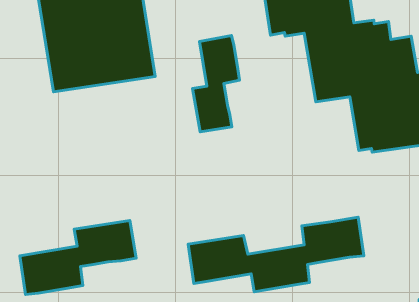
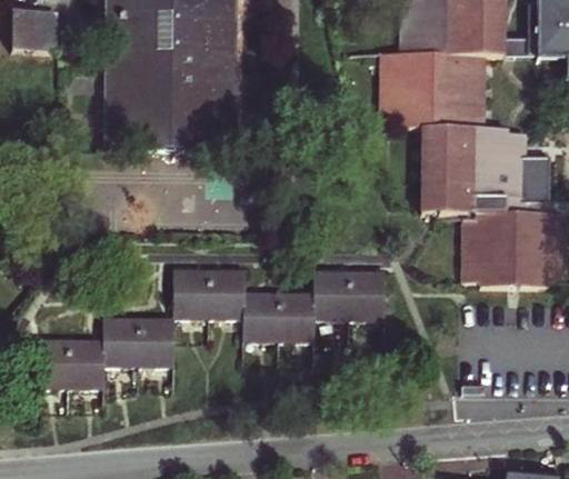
building: [192,36,240,132] -> none
building: [188,217,364,292] -> [173,269,386,340]

